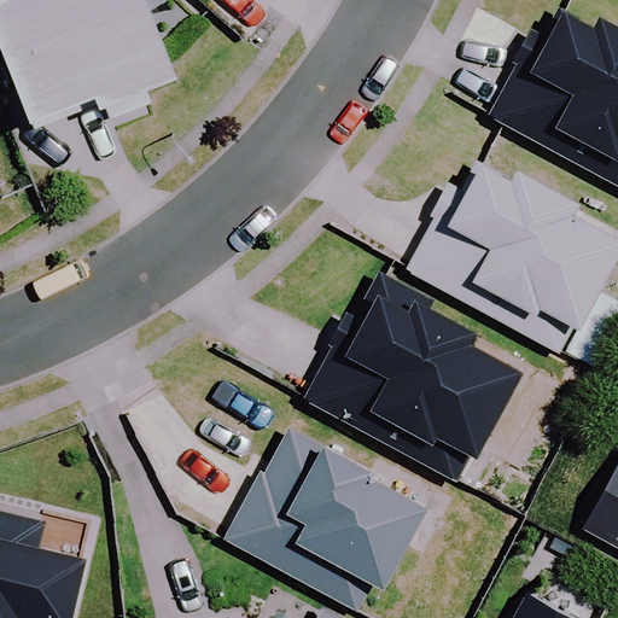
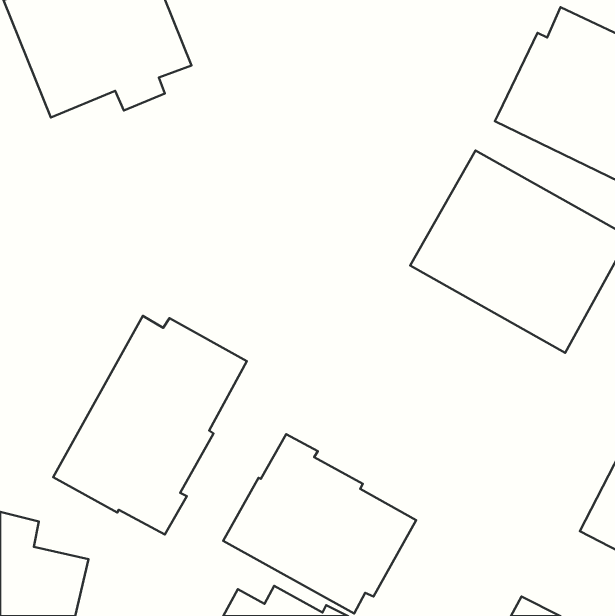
building: [309,278,518,466] -> none
building: none -> [53,316,247,535]

